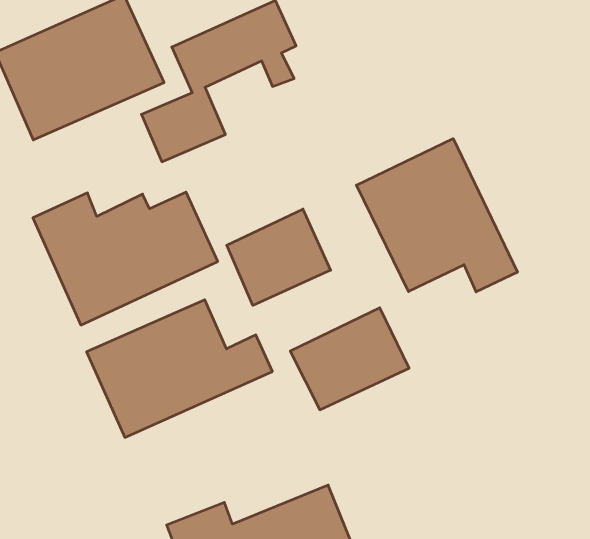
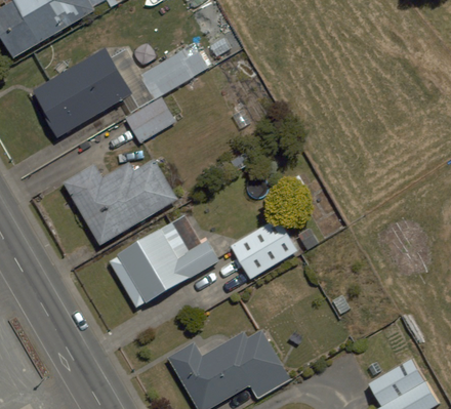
building: [356,139,517,292] -> none
building: [227,209,331,305] -> none

